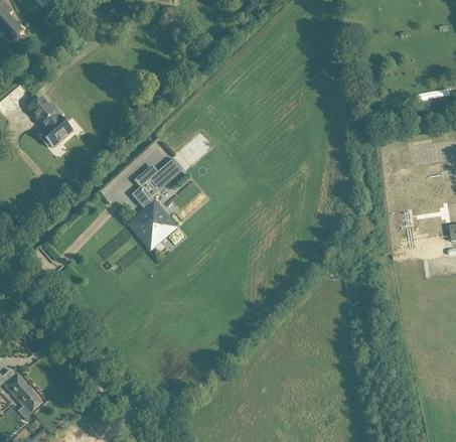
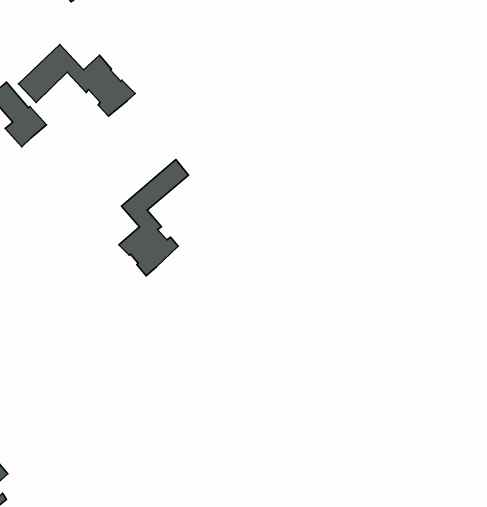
building: none -> [19,44,135,116]

